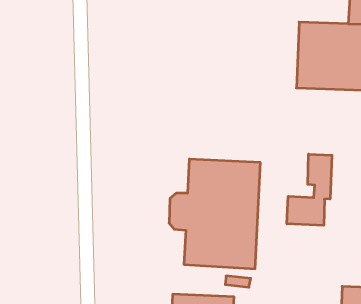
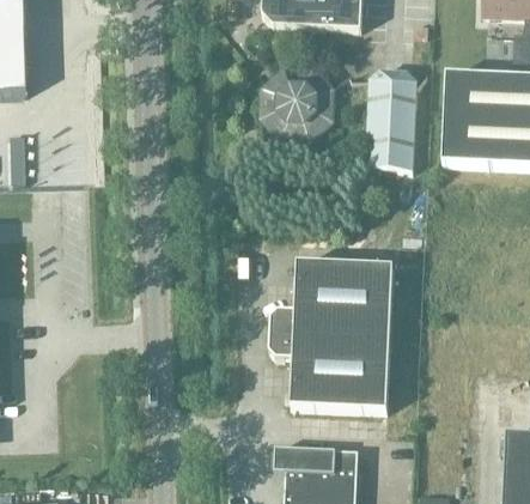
building: none -> [262,71,330,138]
building: none -> [367,71,418,171]
building: [287,154,332,225] -> none

